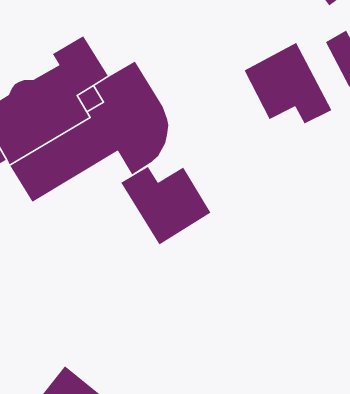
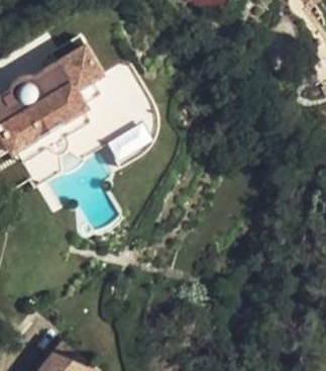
building: [244,42,332,124] -> none
building: [120,166,211,246] -> none

